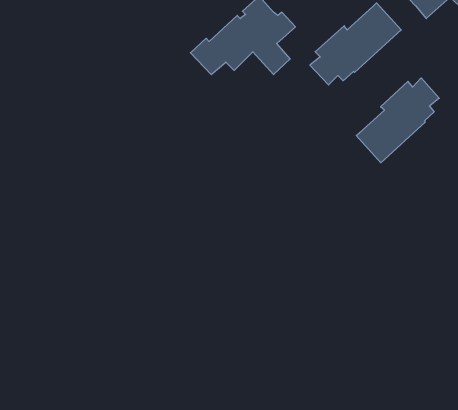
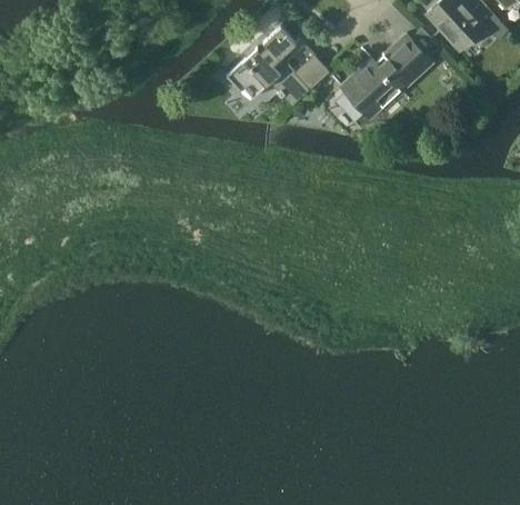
building: [356,78,439,163] -> none

